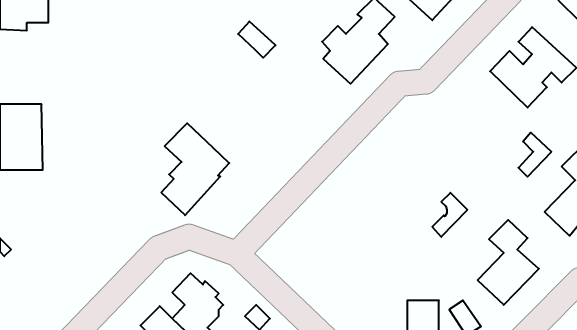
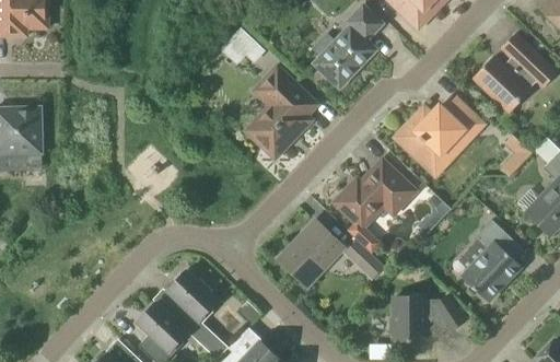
building: none -> [395,97,482,167]
building: [161,123,229,215] -> [252,68,317,156]
building: none -> [334,159,416,229]
building: none -> [280,222,341,284]
building: none -> [343,238,386,280]

